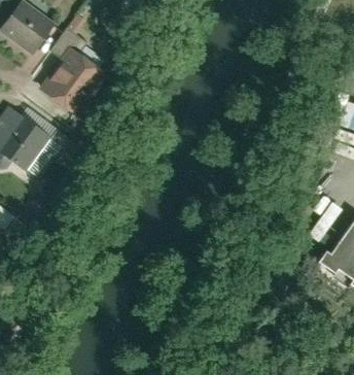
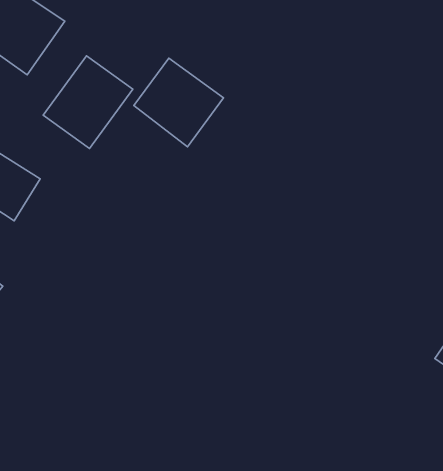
building: none -> [134,58,223,147]

